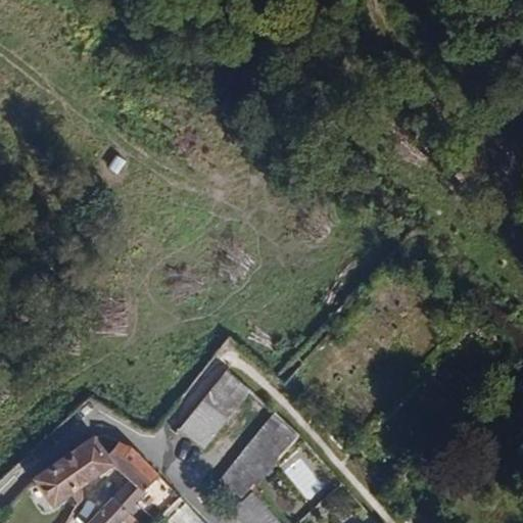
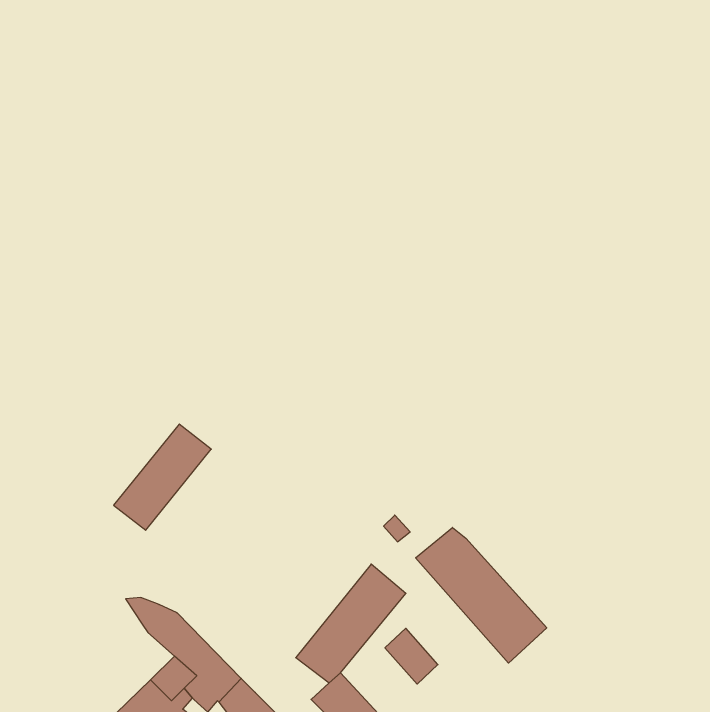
building: [176,372,247,449] -> [114,424,211,530]
building: none -> [416,527,547,663]
building: [34,439,108,507] -> none

